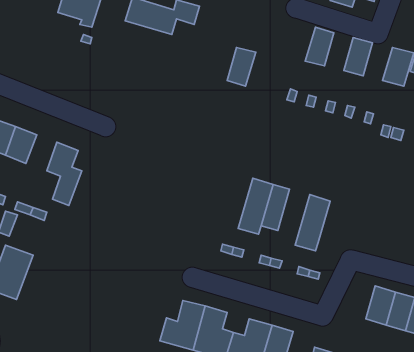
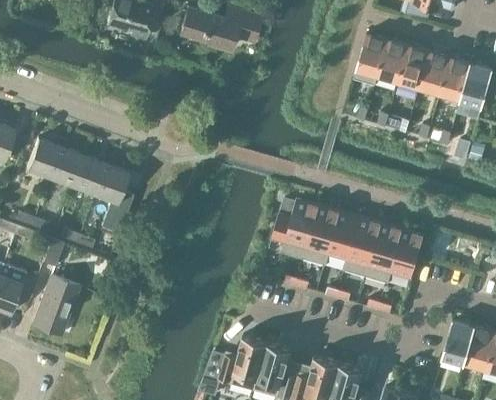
building: none -> [397,45,428,86]
building: none -> [439,56,471,97]
building: [227,48,256,86] -> [356,34,387,76]
building: none -> [72,156,106,195]
building: none -> [272,197,319,258]
building: none -> [344,215,381,276]
building: none -> [390,228,424,279]

